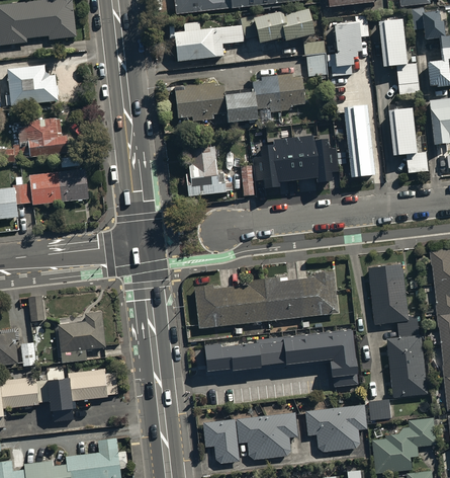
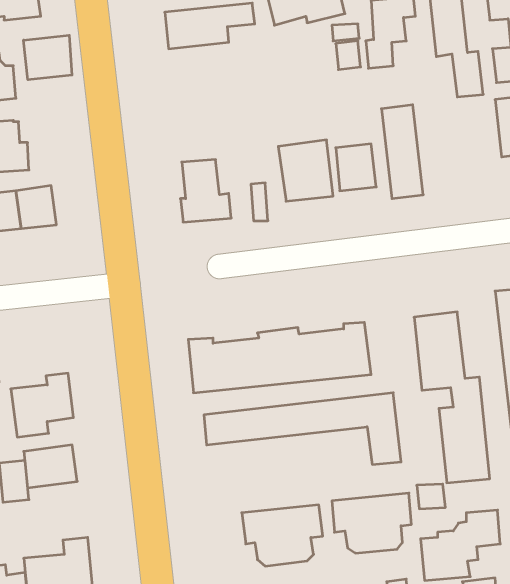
building: none -> [24,35,72,80]
building: [175,73,304,122] -> none
building: [389,107,429,173] -> none
building: [201,420,236,465] -> none

